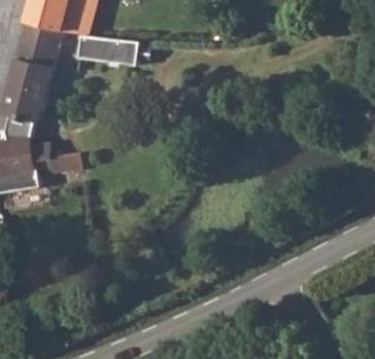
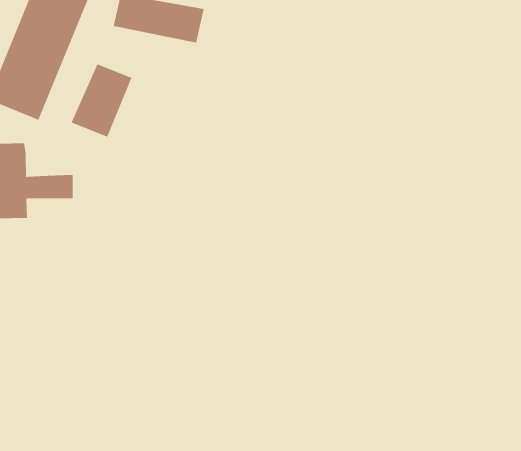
building: none -> [71,64,132,137]

